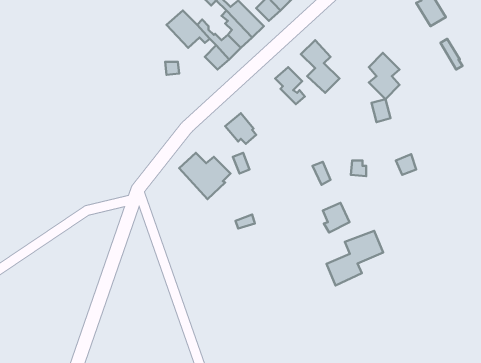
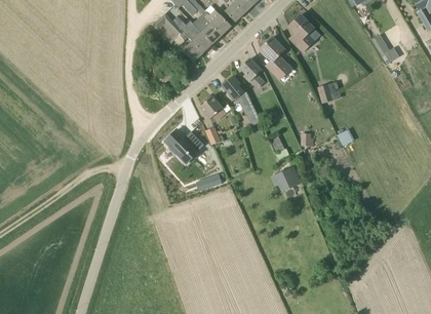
building: [369,53,400,99] -> [289,14,314,51]
building: none -> [222,76,254,112]
building: [326,231,383,285] -> none

